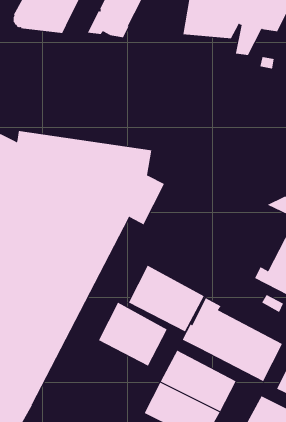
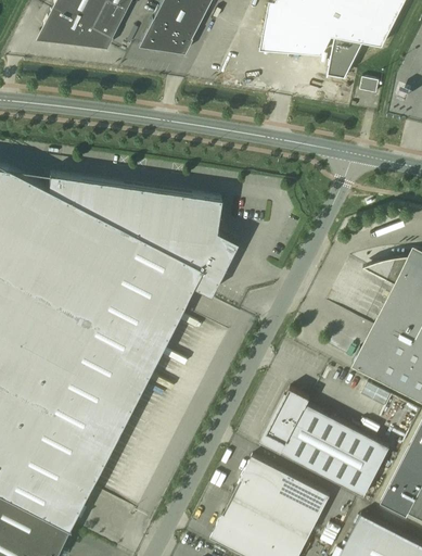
building: [128,265,204,332] -> none
building: [98,302,168,366] -> none

